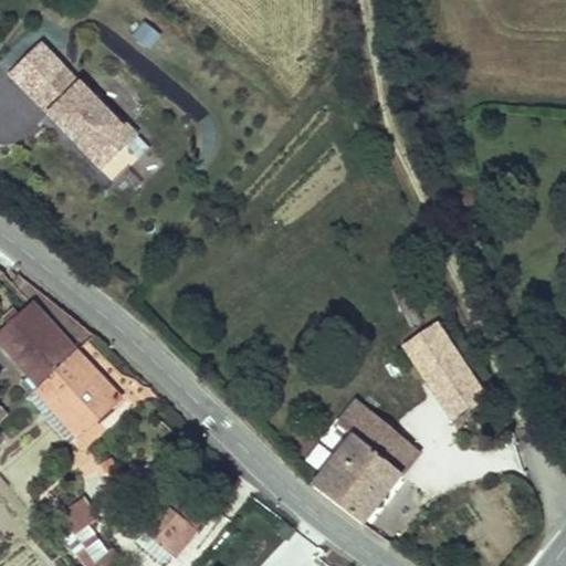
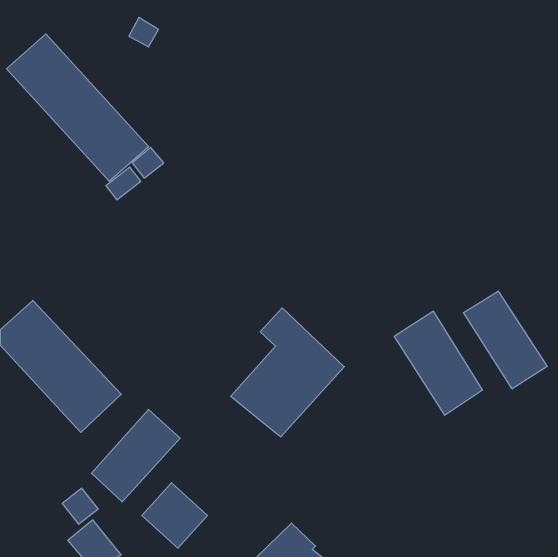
building: none -> [463,291,547,389]
building: [306,394,421,524] -> [231,308,344,437]
building: none -> [91,409,180,502]

